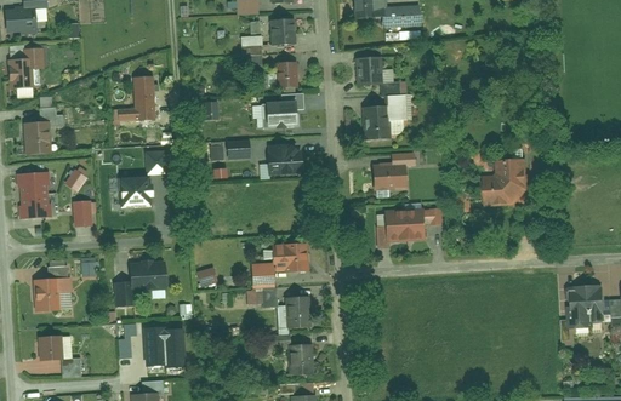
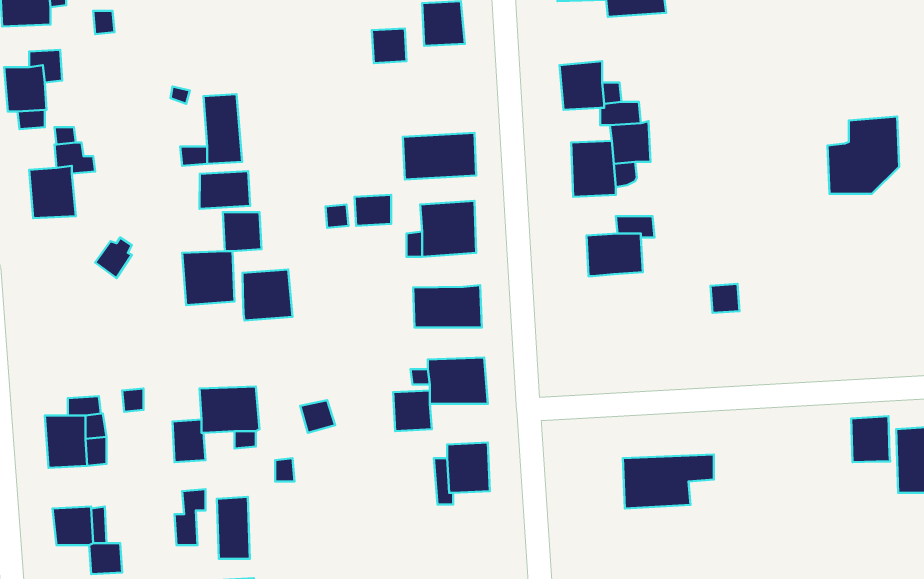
building: [274,62,298,88] -> none
building: none -> [200,171,250,209]
building: [483,156,528,205] -> [827,117,899,194]
building: [17,171,52,218] -> none
building: none -> [242,270,292,321]
building: none -> [413,285,482,327]
building: [73,200,96,227] -> none
building: [386,207,443,241] -> [623,454,714,509]
building: none -> [851,416,890,462]
building: [163,330,183,367] -> none
building: [287,343,314,373] -> none

